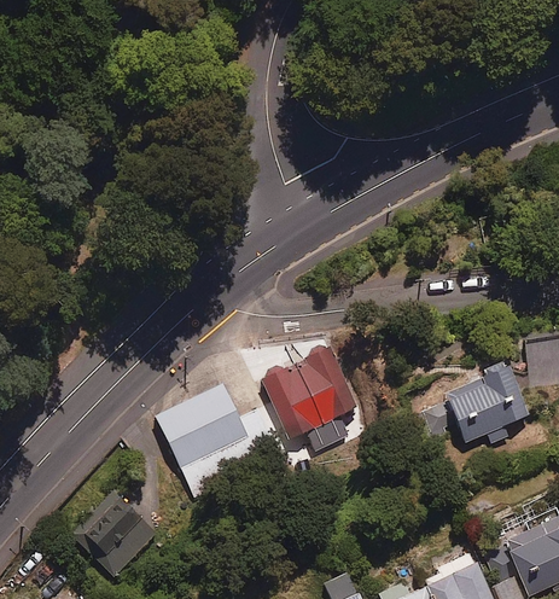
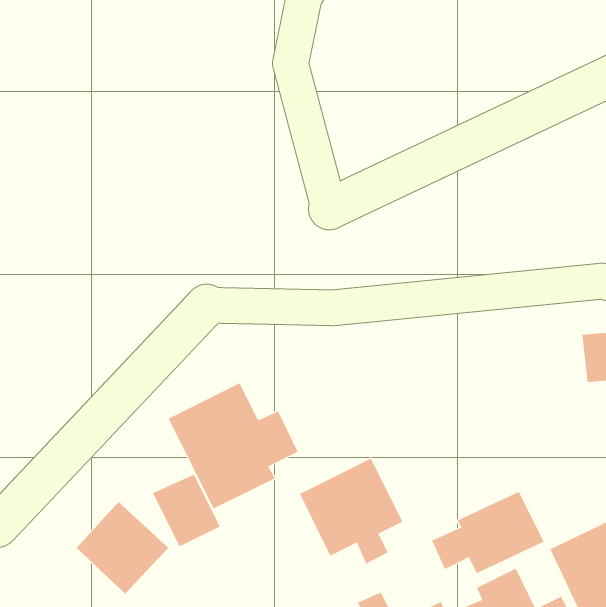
building: [263,349,357,446] -> [299,458,403,565]
building: [425,368,528,443] -> [431,491,545,574]
building: none -> [152,474,221,547]

